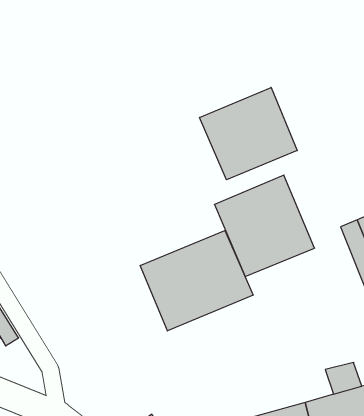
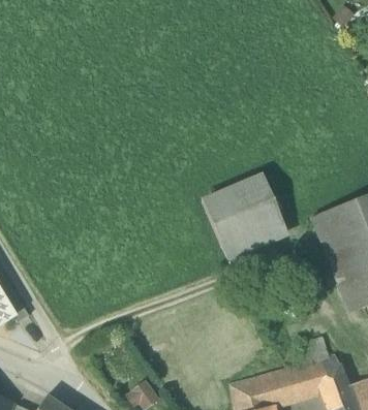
building: [200,87,297,180] -> none
building: [140,230,253,331] -> none

